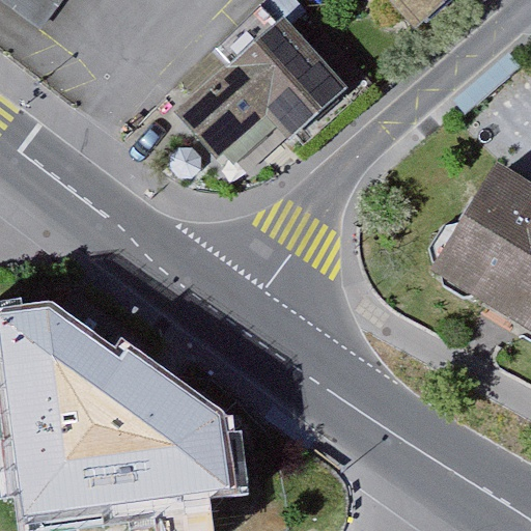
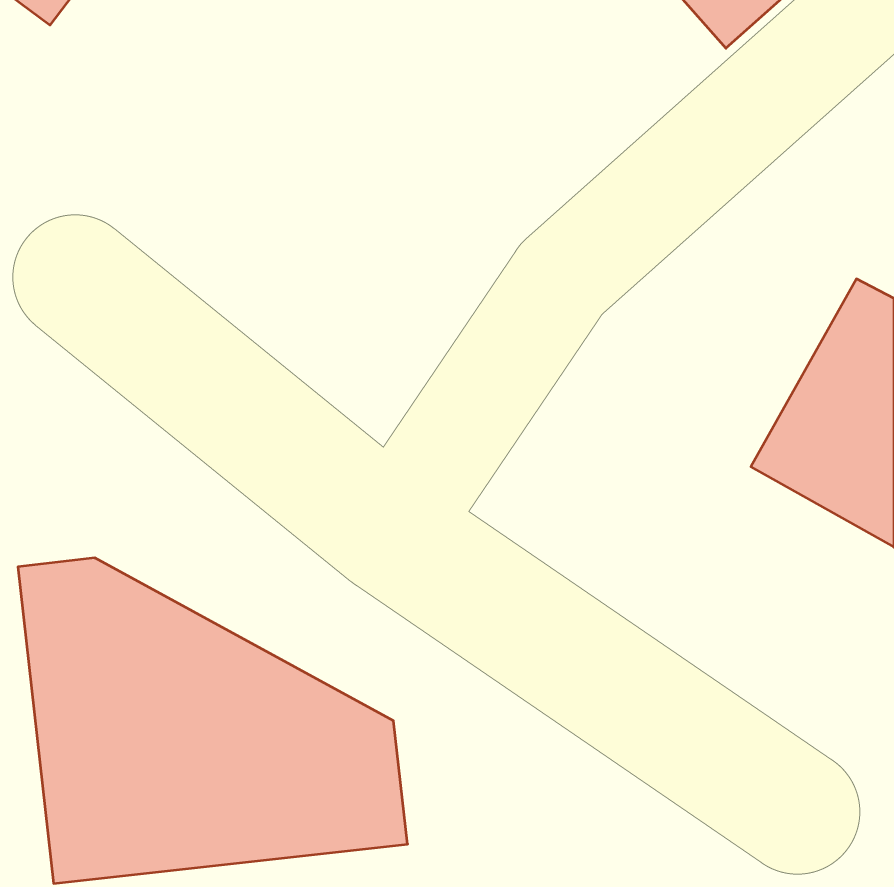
building: [167,8,355,171] -> none

